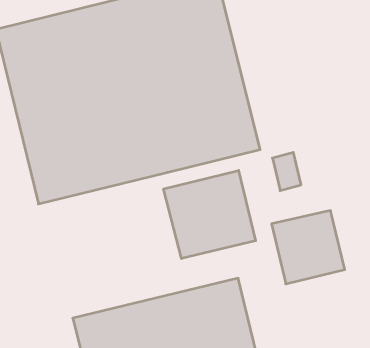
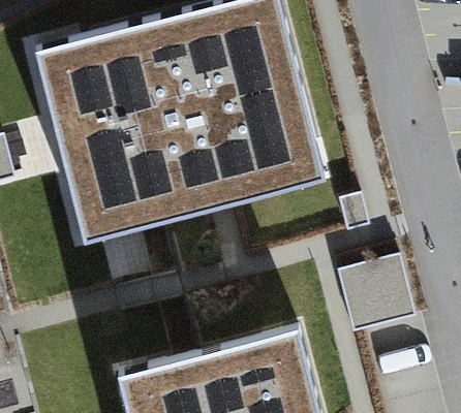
building: [164,170,256,259] -> none

